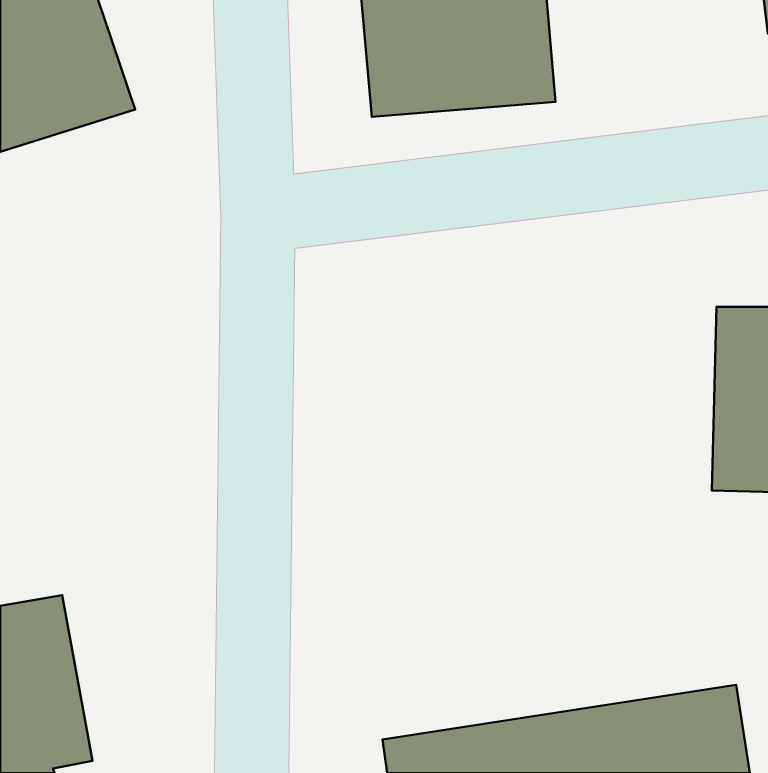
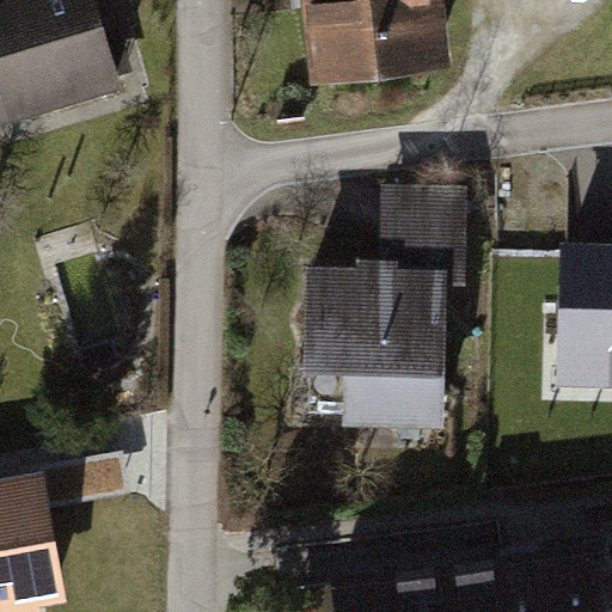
building: none -> [294,189,461,429]

